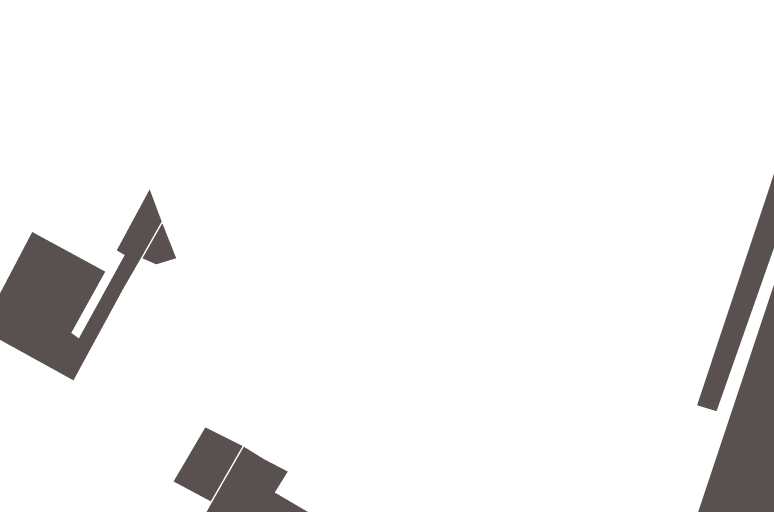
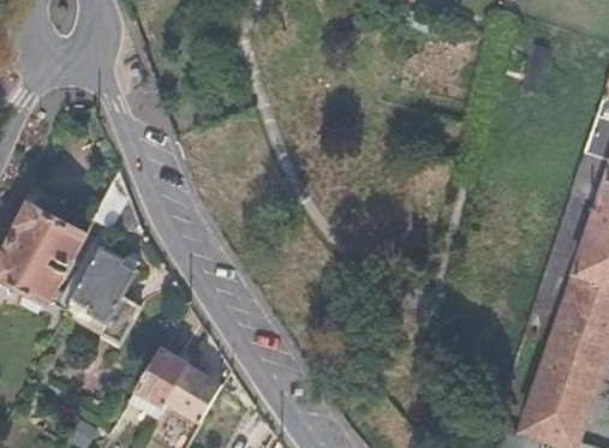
building: none -> [64,246,141,342]

